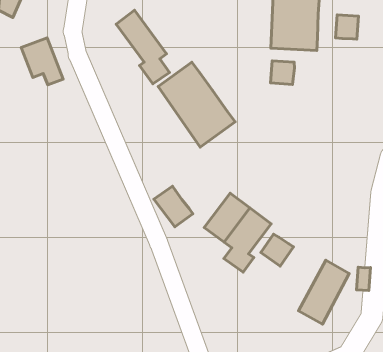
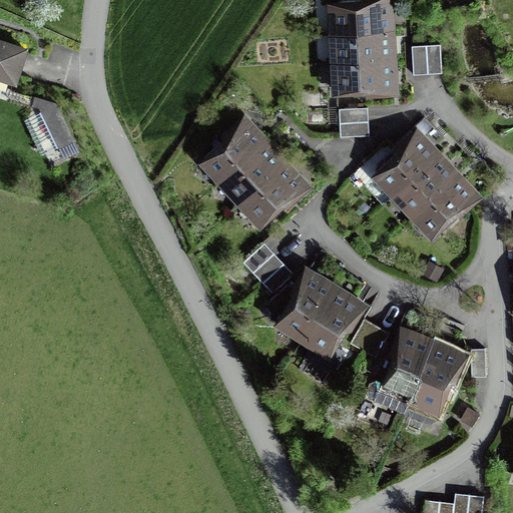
building: [116,10,169,84] -> none
building: none -> [377,134,474,233]
building: [154,186,193,227] -> [243,242,293,292]
building: none -> [376,333,430,409]

